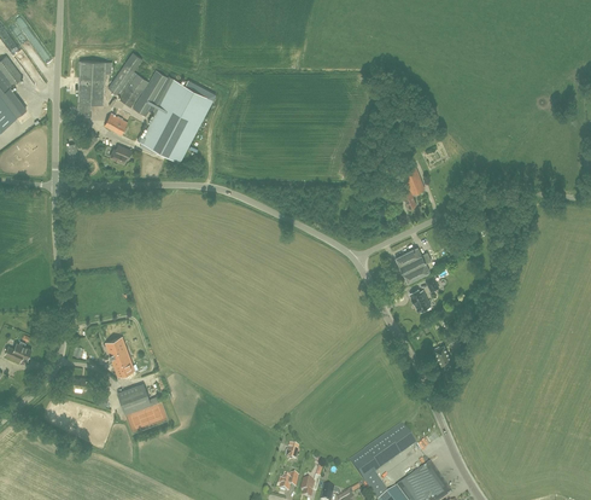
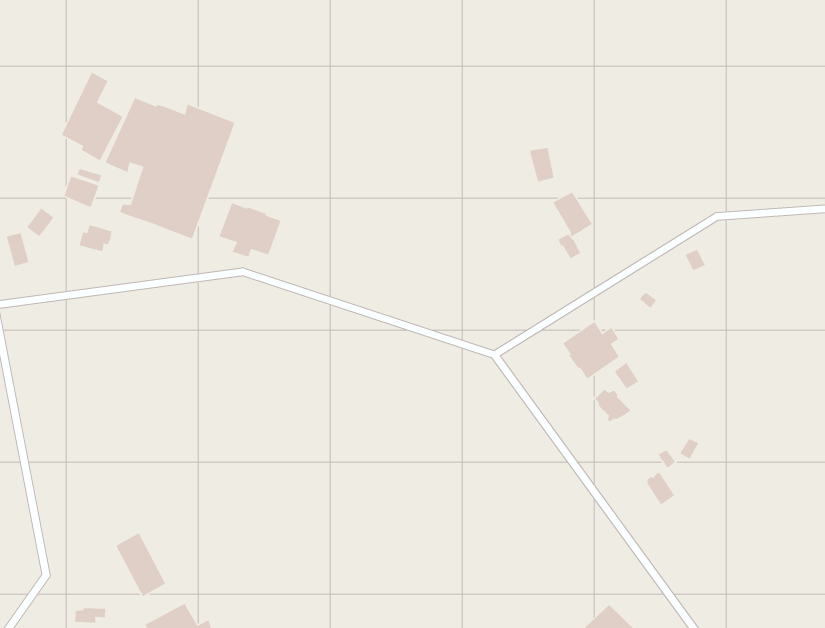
building: [77,60,111,116] -> none
building: none -> [219,202,282,258]

